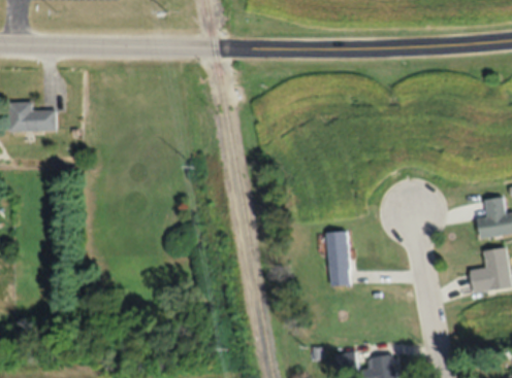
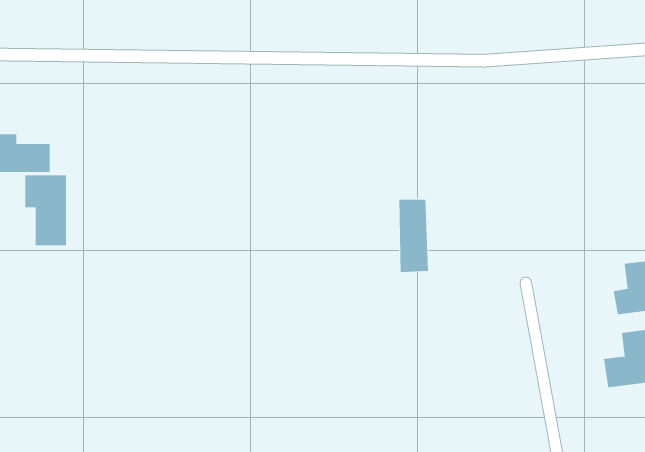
building: none -> [25,175,67,246]
building: [327,231,350,285] -> [398,199,429,273]

